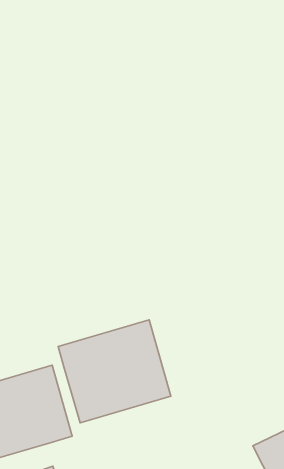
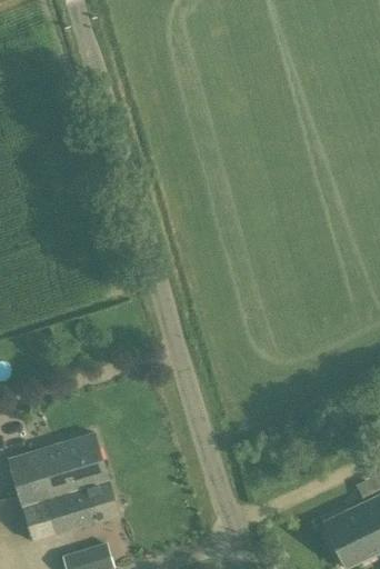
building: [58,320,171,423] -> none

